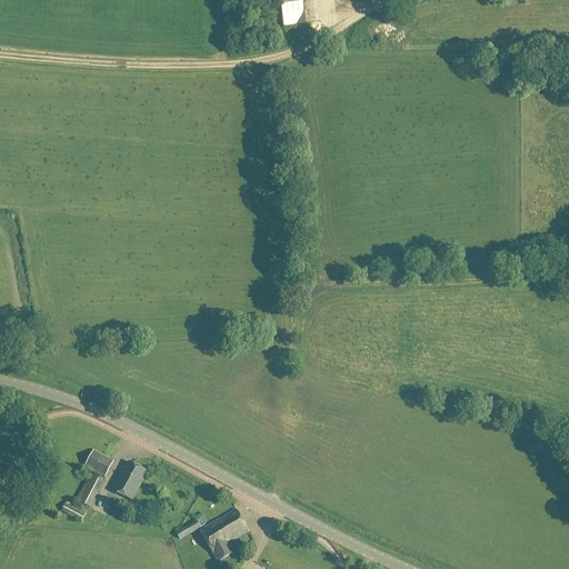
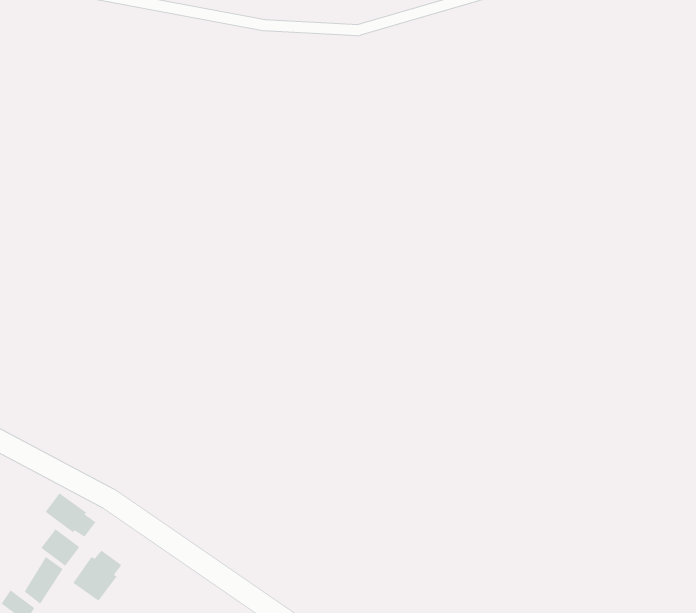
building: none -> [45,492,96,538]

